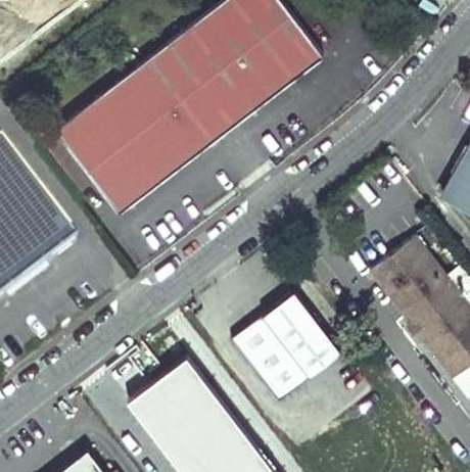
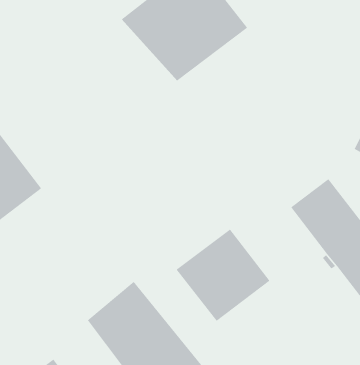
building: [56,45,236,210] -> none

